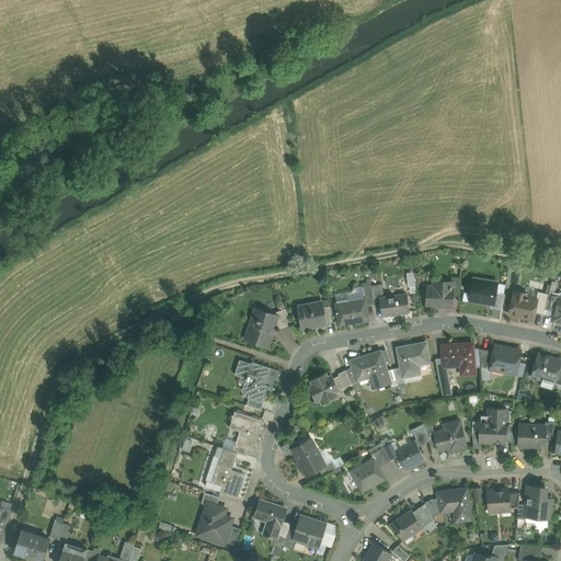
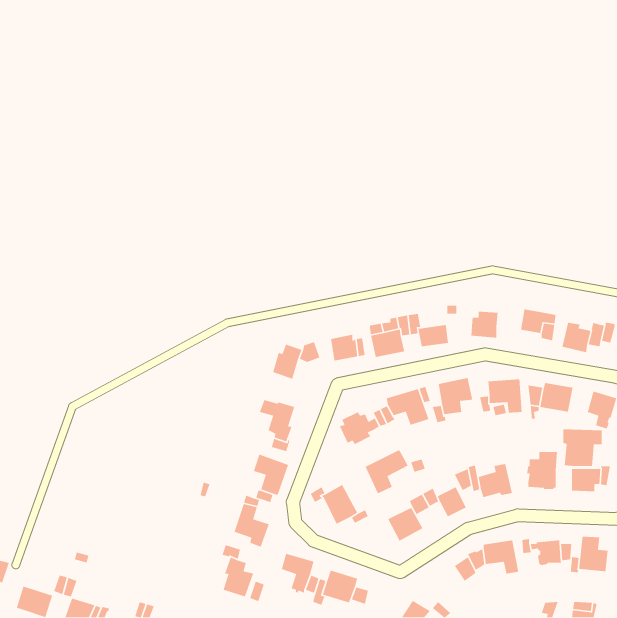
building: none -> [562,429,602,467]
building: none -> [365,449,409,495]
building: [391,511,421,540] -> none

